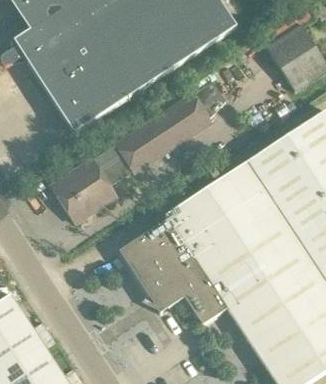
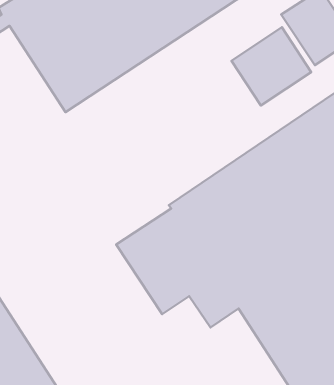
building: none -> [231,27,311,105]
building: [50,79,225,221] -> none

